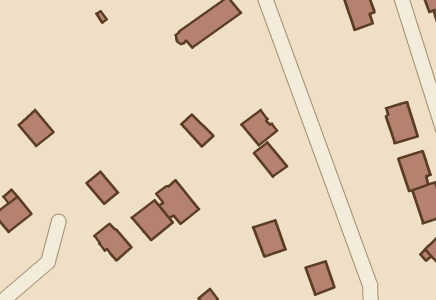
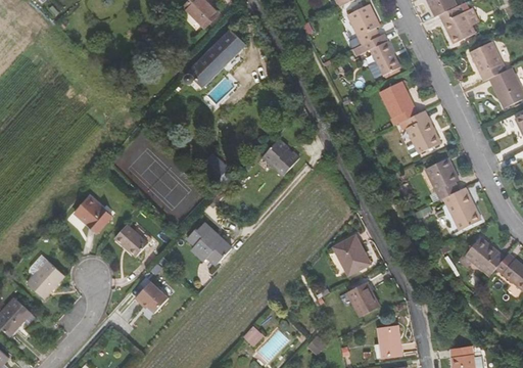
building: none -> [355,34,400,75]
building: none -> [380,81,419,123]
building: [19,110,53,146] -> [76,196,111,232]
building: [254,142,287,177] -> none
building: [132,200,173,240] -> none
building: [253,220,286,256] -> [334,236,370,274]

